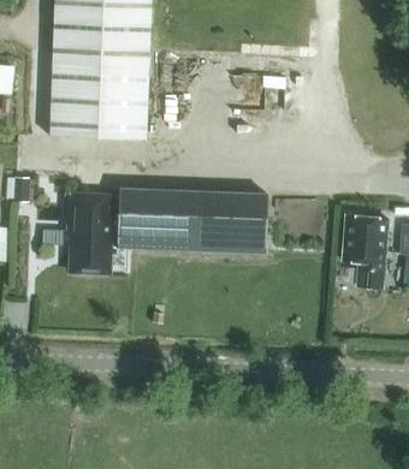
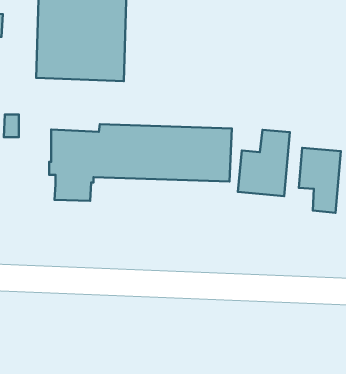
building: none -> [238,130,290,196]

